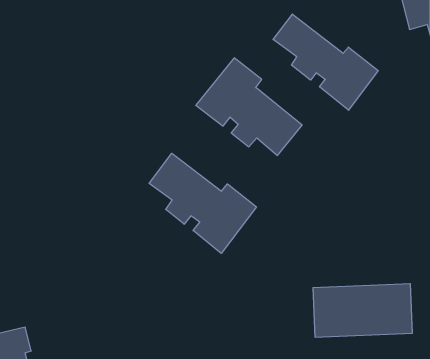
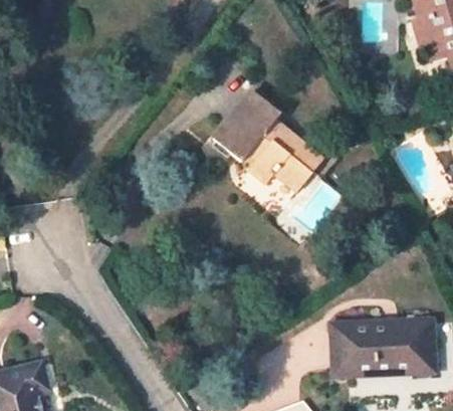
building: [273,14,378,110] -> none
building: [149,153,256,253] -> none

